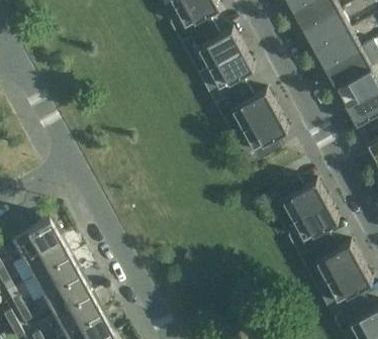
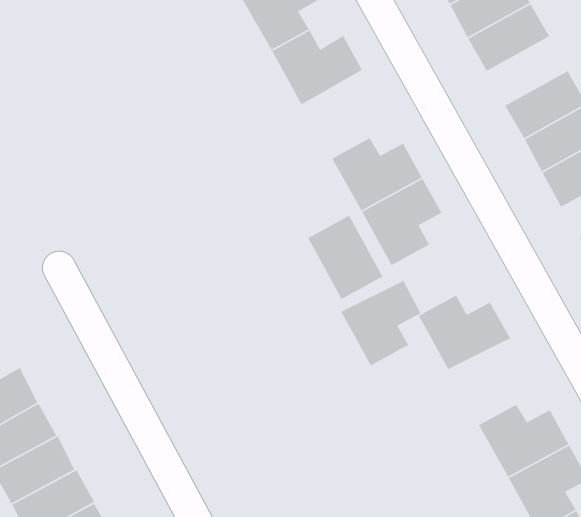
building: [313,29,360,69] -> none
building: [207,48,254,99] -> none
building: none -> [307,215,383,300]
building: [291,202,338,251] -> [340,280,422,366]

